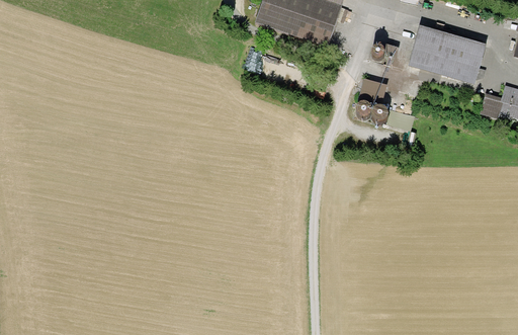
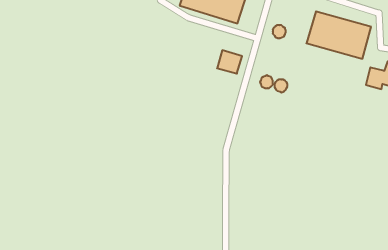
building: [358,75,387,102] -> [217,50,242,74]

